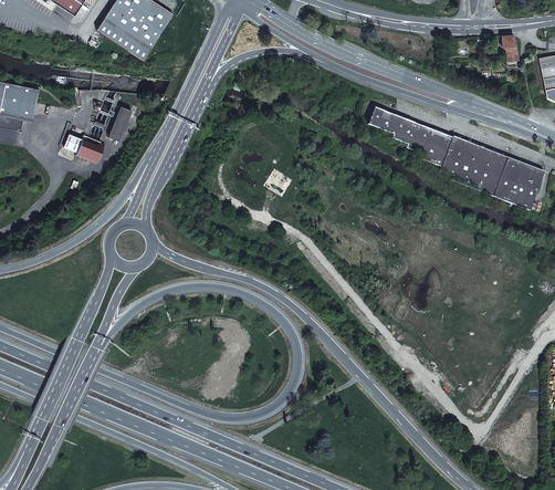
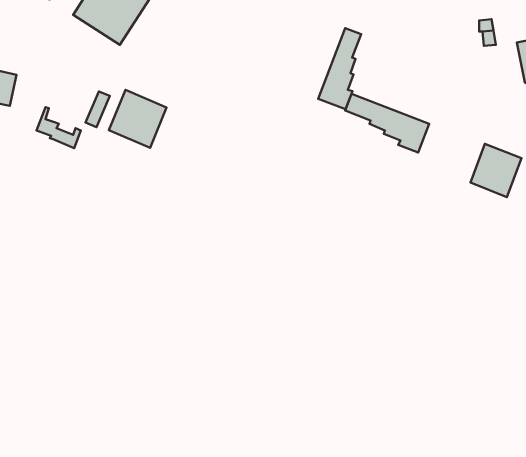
building: none -> [318,28,361,109]
building: none -> [109,90,166,148]
building: [439,135,507,196] -> none

